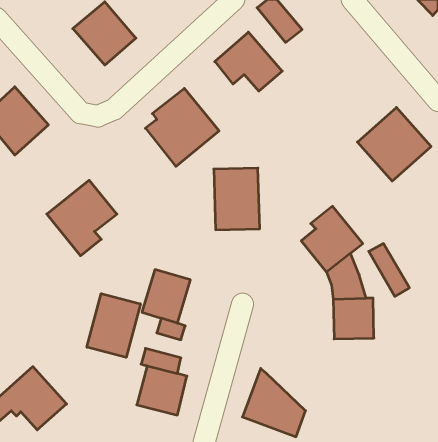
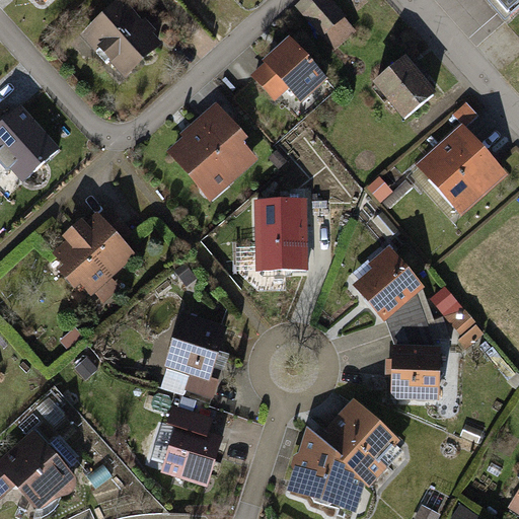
building: none -> [372,60,433,121]
building: [87,294,140,357] -> none
building: none -> [312,397,394,487]

